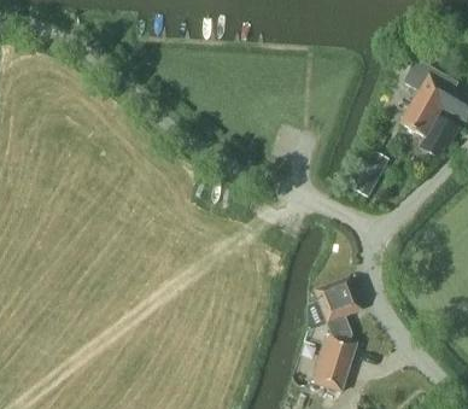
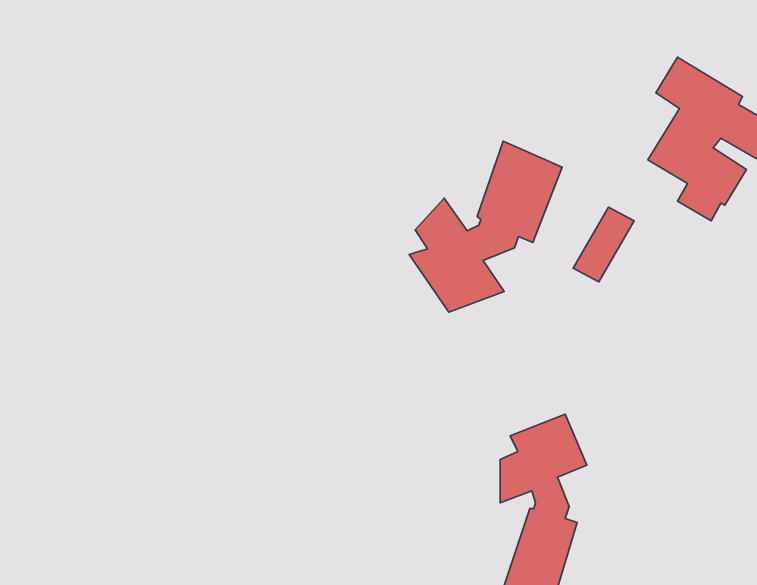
building: none -> [409,141,562,312]

